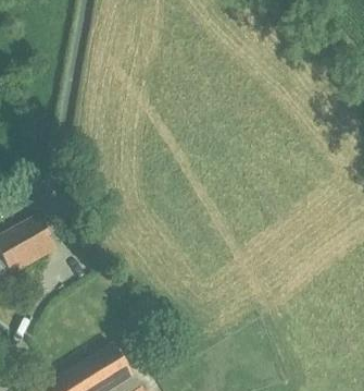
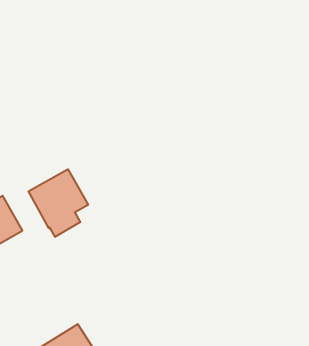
building: none -> [29,169,88,237]

